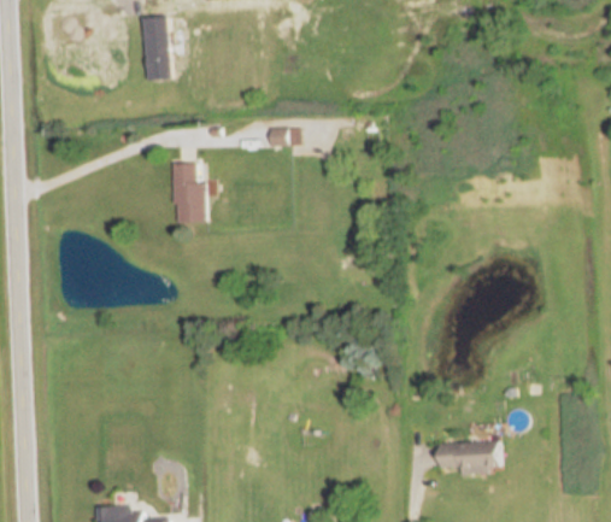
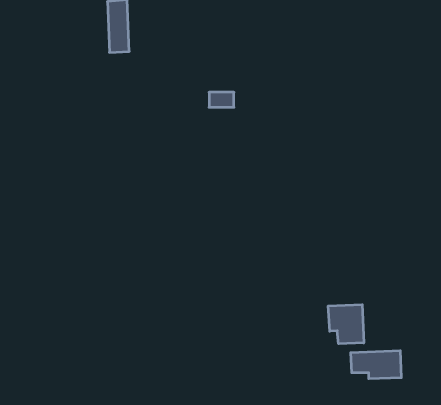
building: [171,162,204,222] -> none
building: none -> [328,305,364,344]

